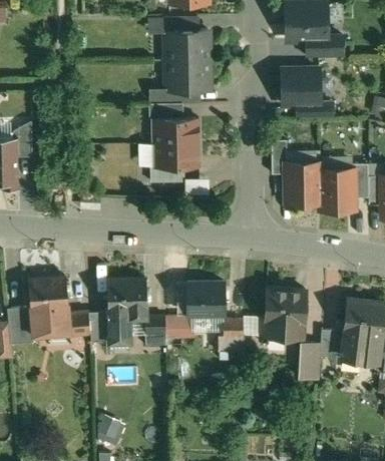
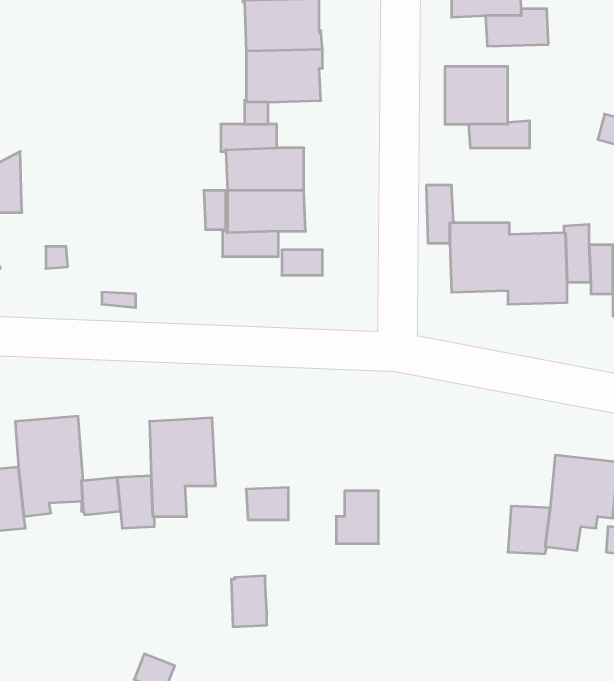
building: [188,281,224,314] -> none
building: [263,288,306,339] -> none
building: [145,315,166,345] -> [231,576,267,627]
building: [299,342,321,379] -> none

